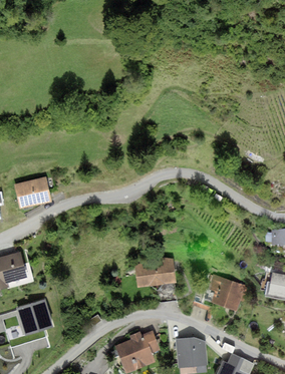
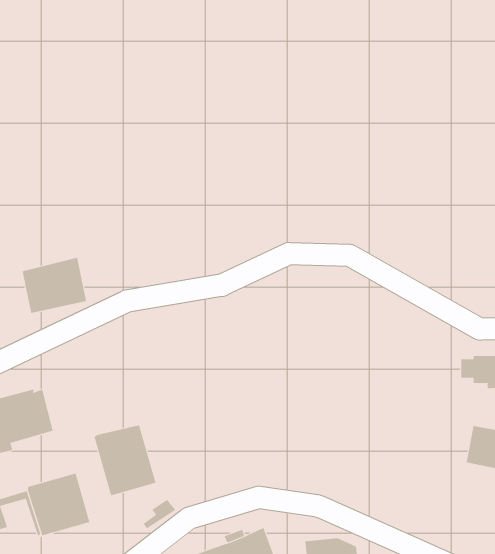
building: [134,256,177,292] -> none
building: none -> [94,424,156,496]
building: [209,276,245,310] -> none

